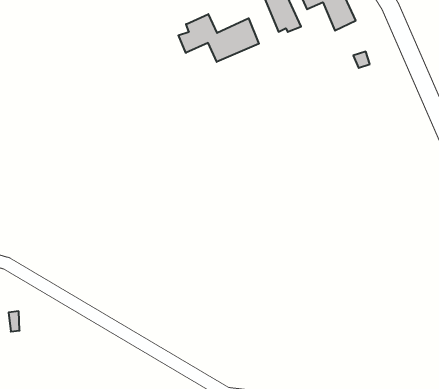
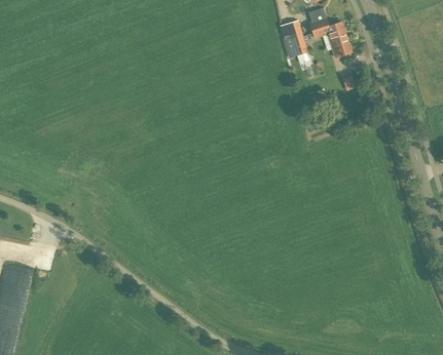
building: [178,14,259,62] -> none

